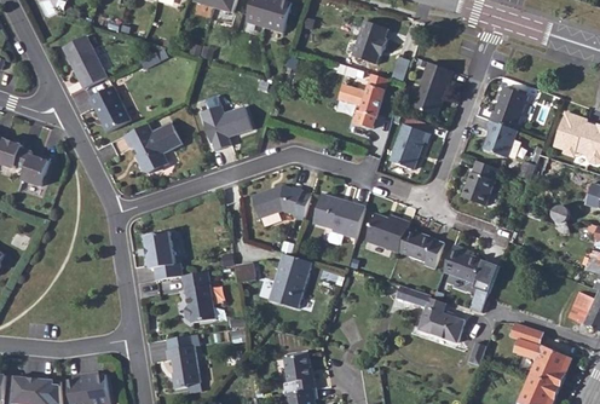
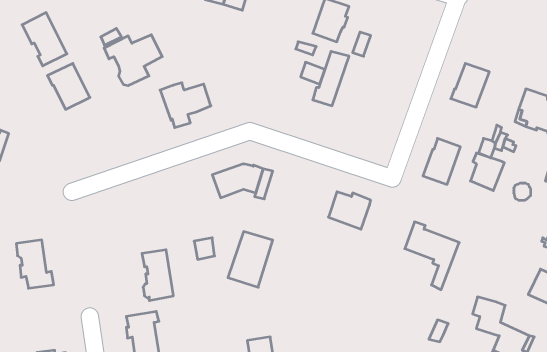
building: [414,63,454,116] -> none
building: [484,121,518,158] -> [470,153,504,191]
building: [123,122,181,173] -> [104,35,162,86]
building: [393,126,432,171] -> none
building: [313,194,365,244] -> none
building: [400,227,445,269] -> none
building: [144,231,181,279] -> [16,240,54,288]
building: [396,288,465,341] -> none

